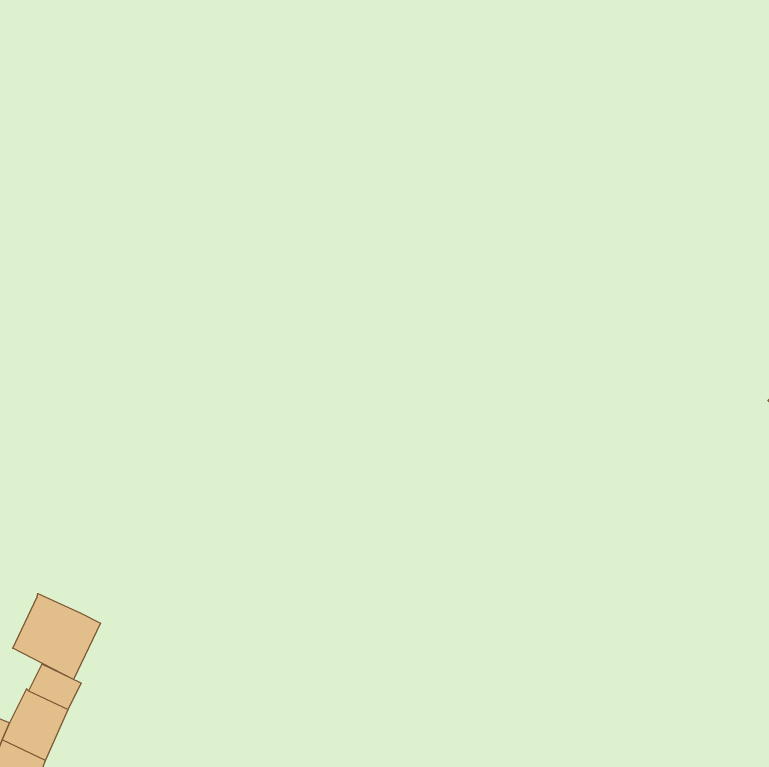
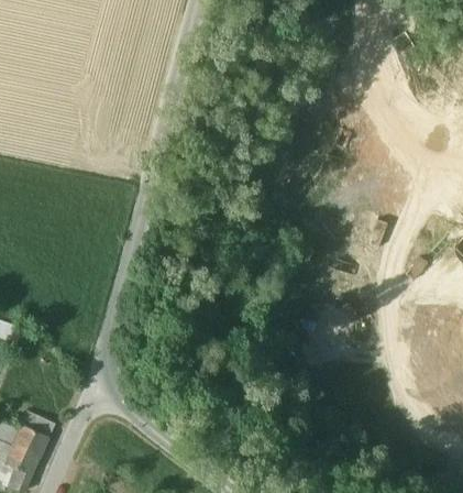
building: [13,594,100,679] -> none

